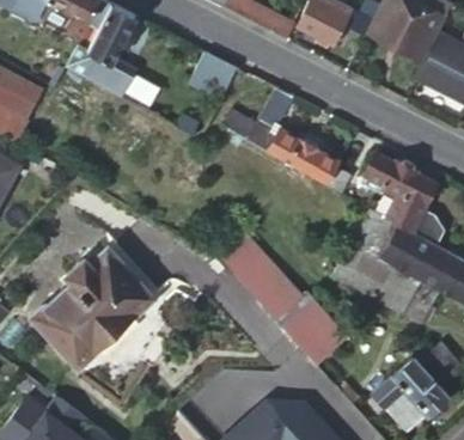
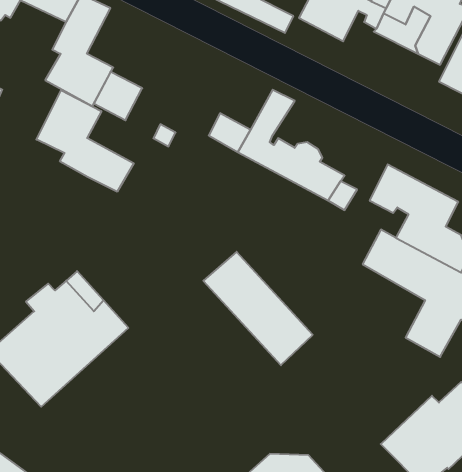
building: [188,53,238,103] -> none
building: none -> [36,90,134,192]
building: [335,239,407,302] -> none
building: [282,298,349,367] -> none

